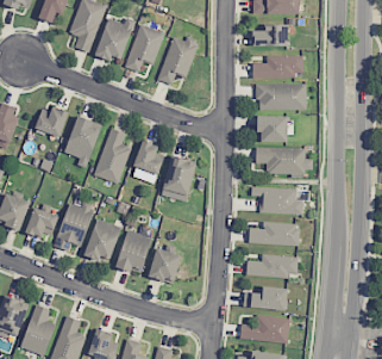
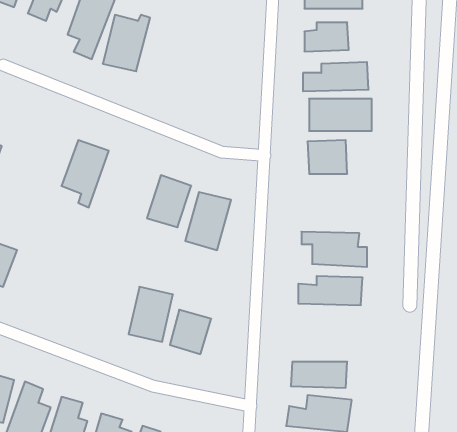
building: [125,24,164,72] -> none
building: [158,36,199,85] -> none
building: [35,106,68,137] -> none
building: [93,128,131,184] -> none
building: [255,148,312,173] -> none
building: [54,200,95,252] -> none
building: [25,208,58,237] -> none
building: [83,218,121,262] -> none
building: [246,255,298,278] -> none

